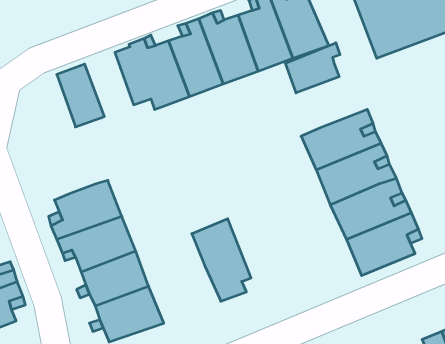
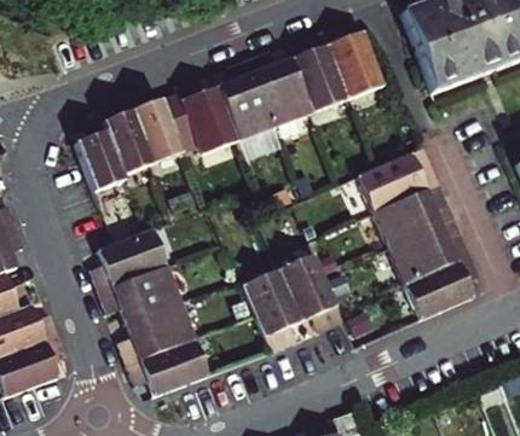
building: [285,43,340,93] -> none
building: none -> [131,95,181,162]
building: none -> [74,118,123,190]
building: none -> [279,255,343,336]

